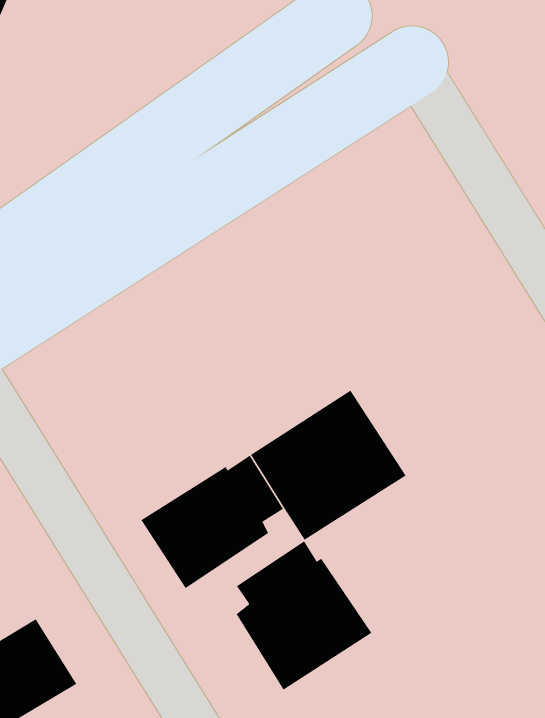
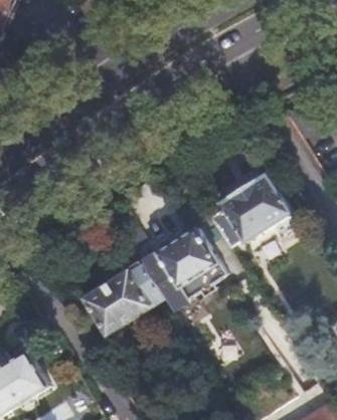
building: none -> [212,174,294,245]
building: [236,540,372,690] -> none

